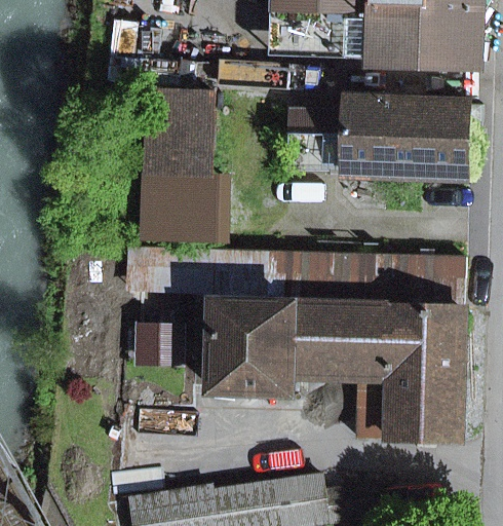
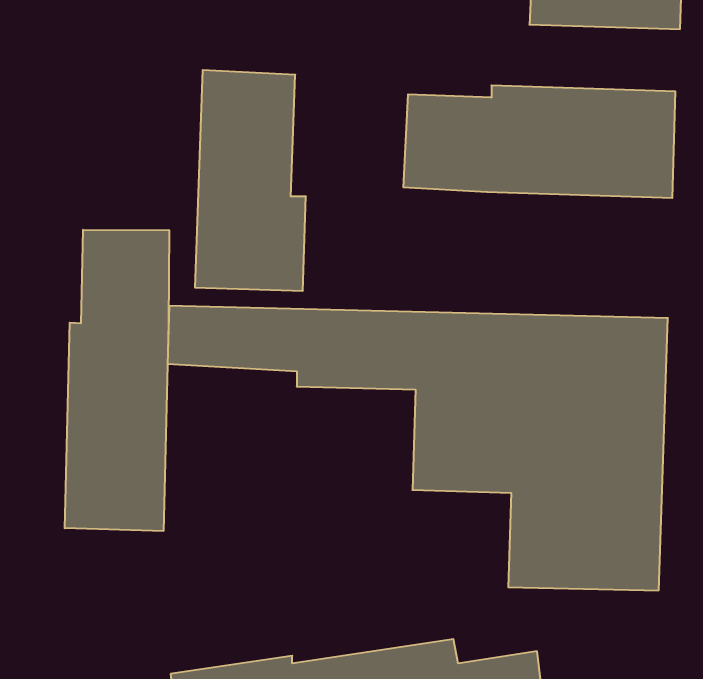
building: none -> [65,230,169,531]
building: [212,306,296,398] -> none

